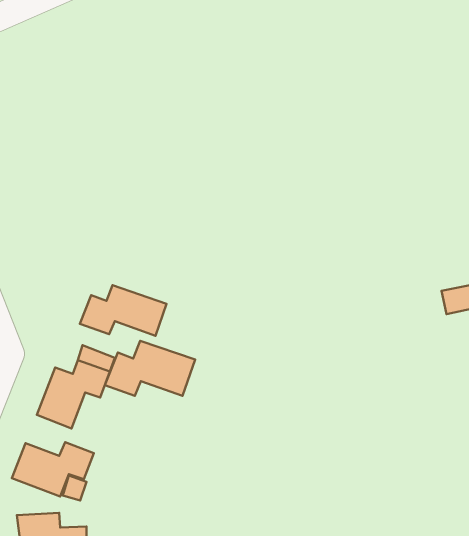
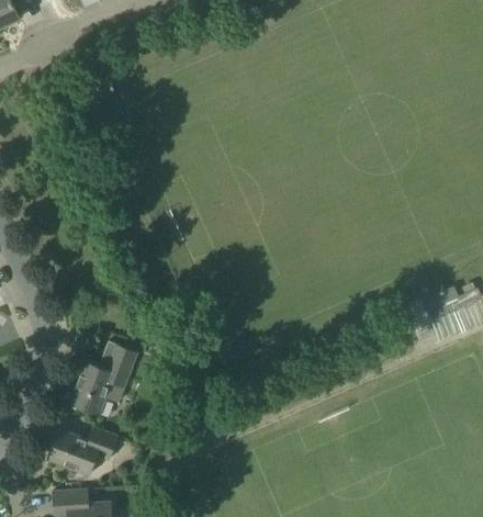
building: [80,285,167,336] -> none
building: [105,341,195,396] -> none

